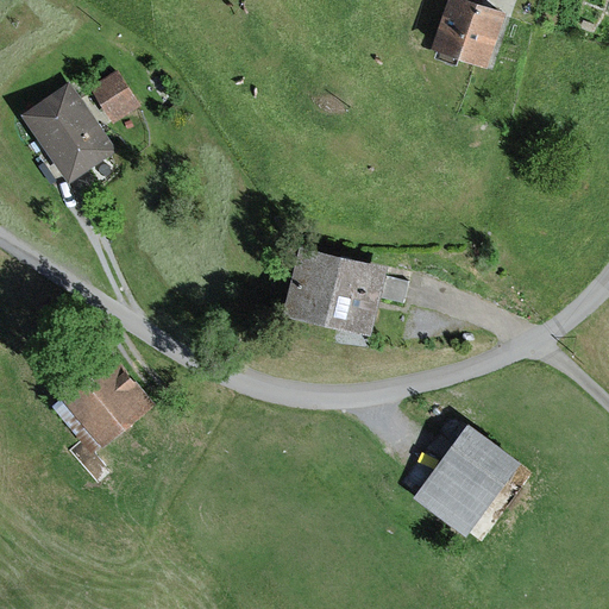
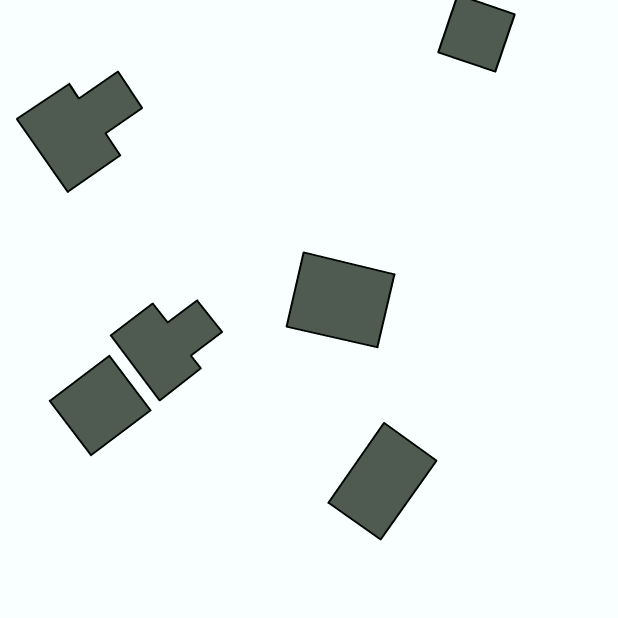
building: none -> [111,300,222,400]
building: [409,420,515,534] -> [328,423,436,539]

